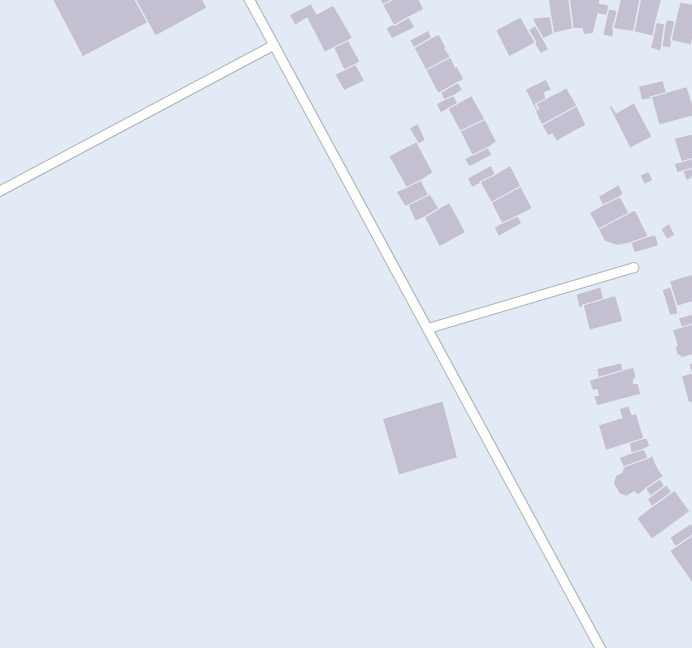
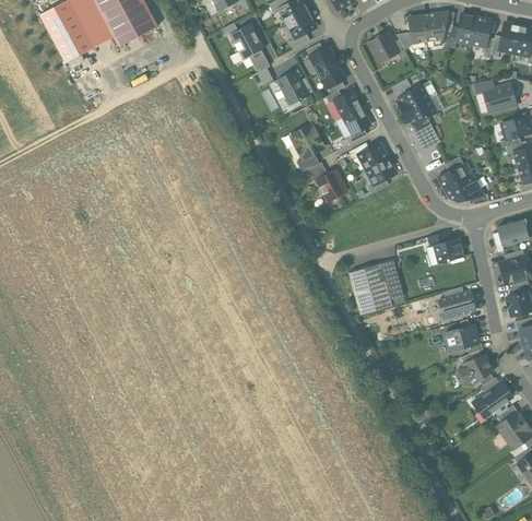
building: none -> [277,70,308,104]
building: [609,102,652,148] -> [409,116,440,150]
building: [382,401,458,475] -> [348,259,404,313]

